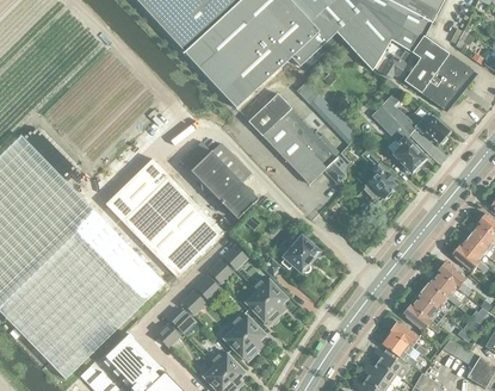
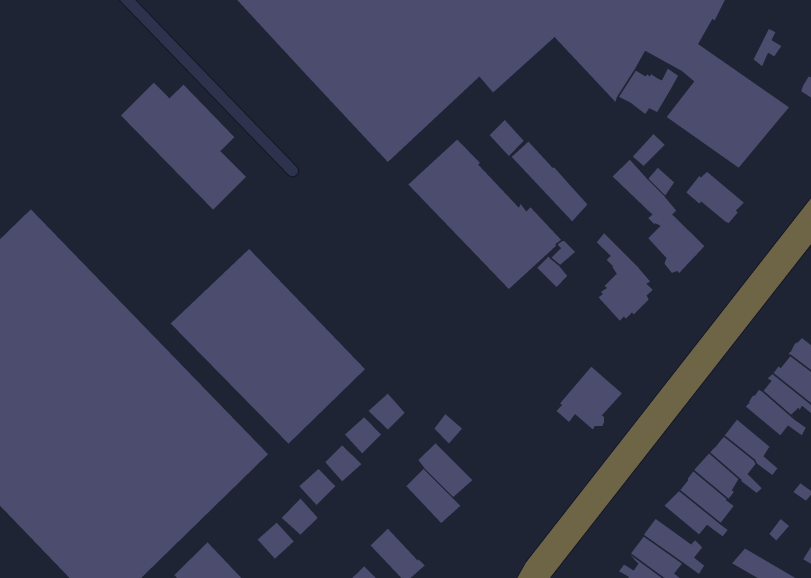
building: [182,141,259,218] -> [120,82,247,211]
building: [280,235,321,274] -> [555,366,623,431]
building: [231,311,265,346] -> none

